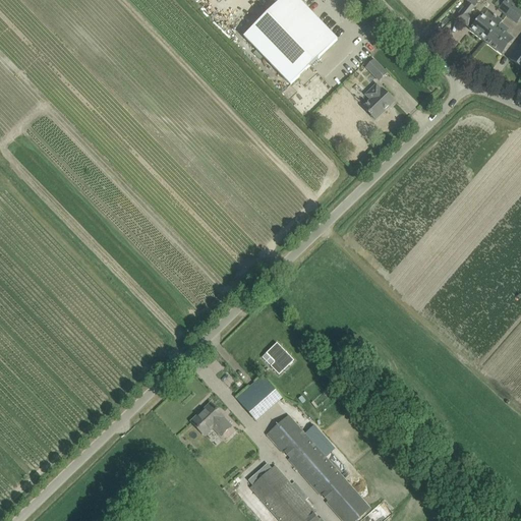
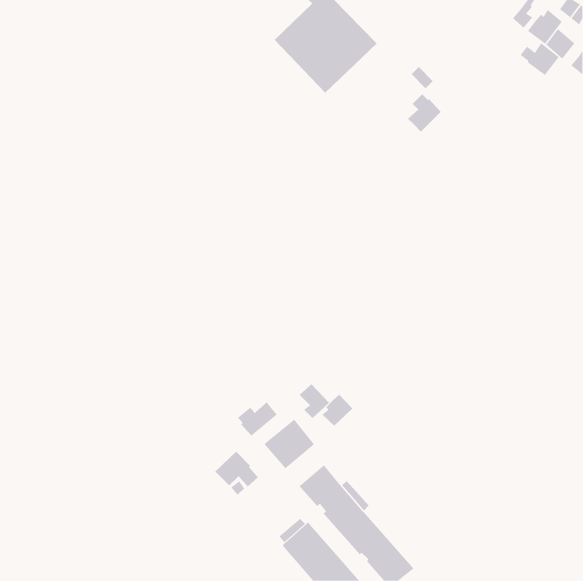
building: none -> [520,42,560,76]
building: none -> [322,394,353,426]
building: none -> [237,402,278,436]

